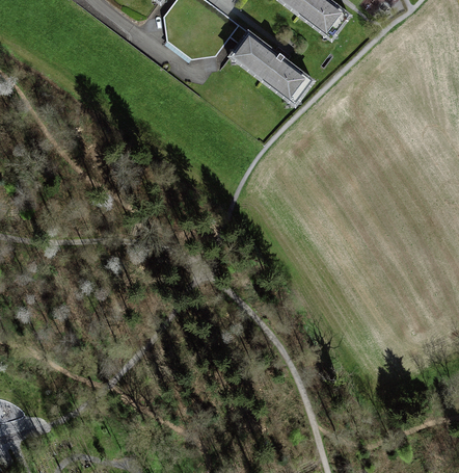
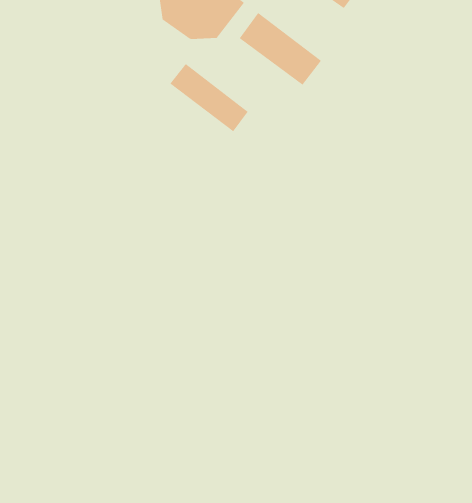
building: none -> [169,63,249,132]

